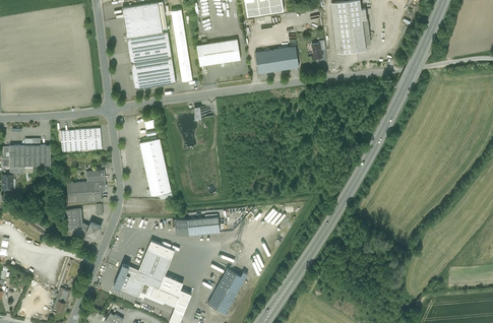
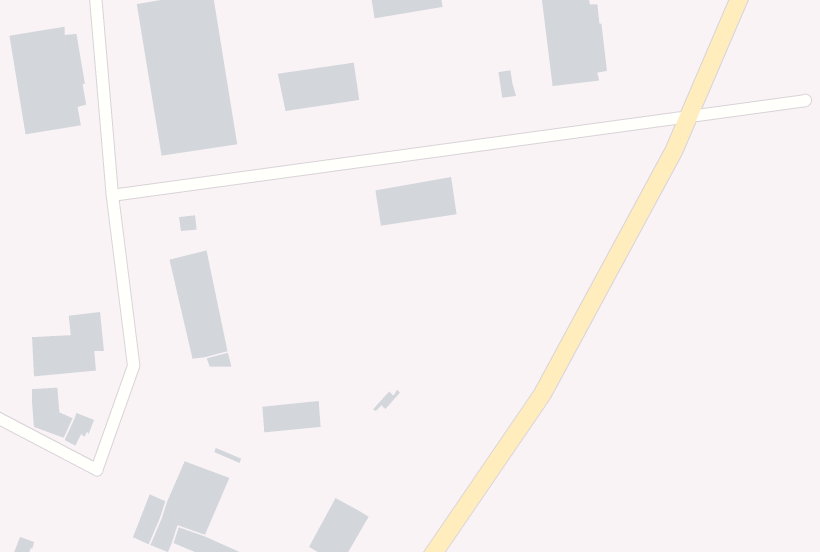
building: none -> [8,26,87,135]
building: [255,47,299,73] -> [374,176,458,227]
building: [60,128,102,152] -> none

